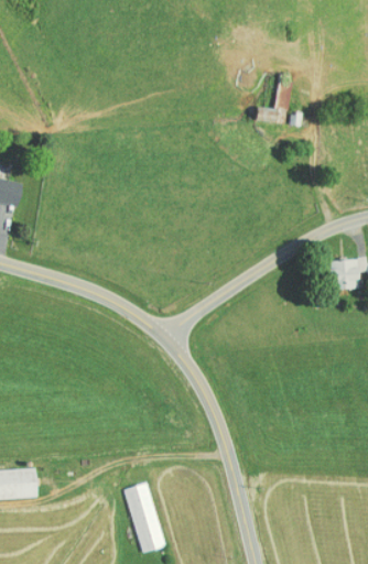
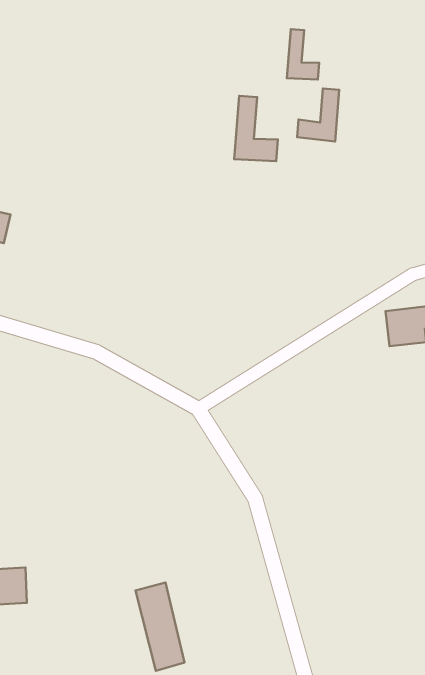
building: none -> [287,29,319,79]
building: none -> [234,96,278,161]

